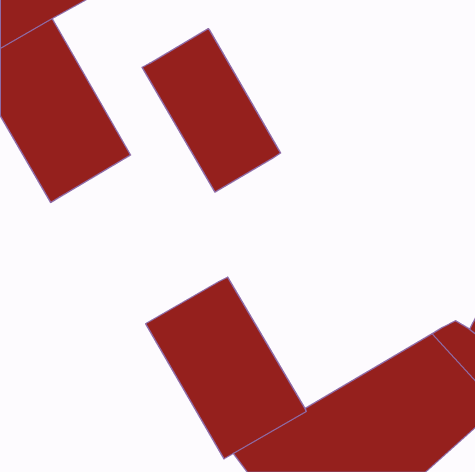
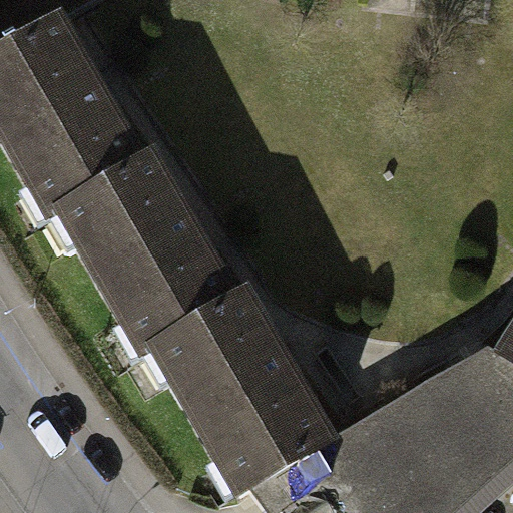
building: [142,29,281,192] -> none
building: none -> [66,160,236,354]

